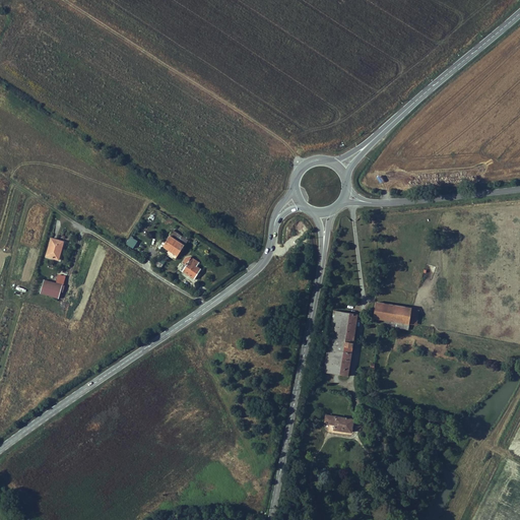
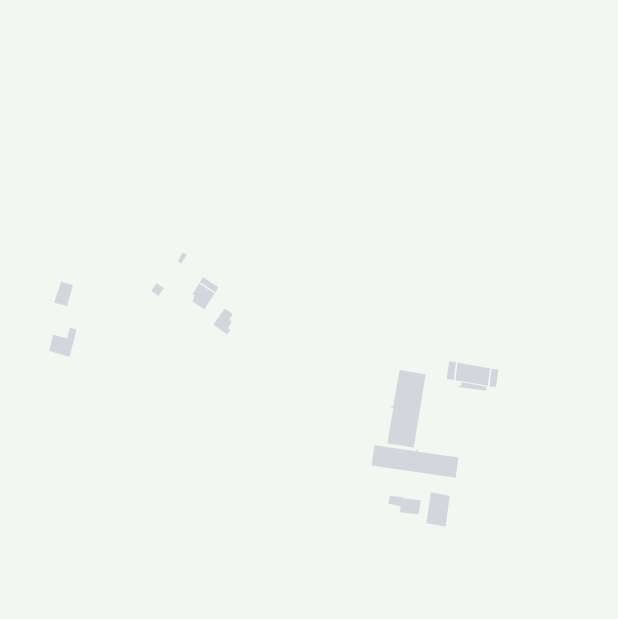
building: none -> [371,445,459,478]
building: none -> [426,492,450,527]

